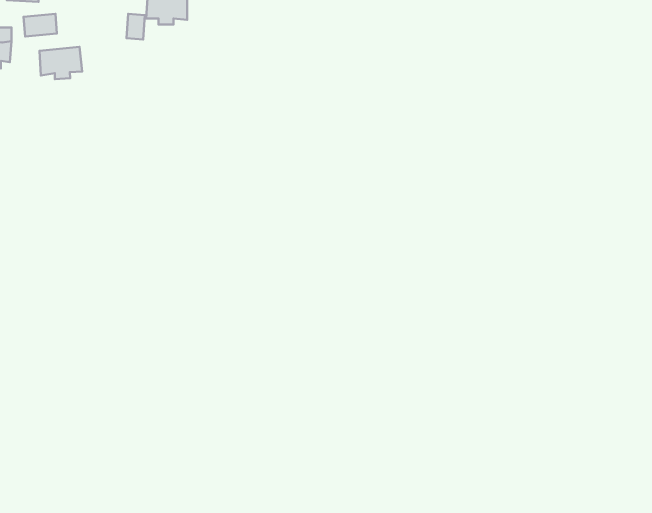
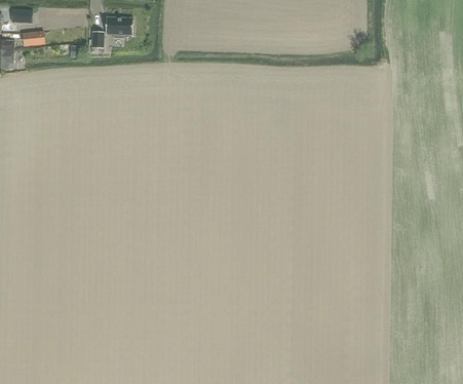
building: [40,47,82,79] -> none

